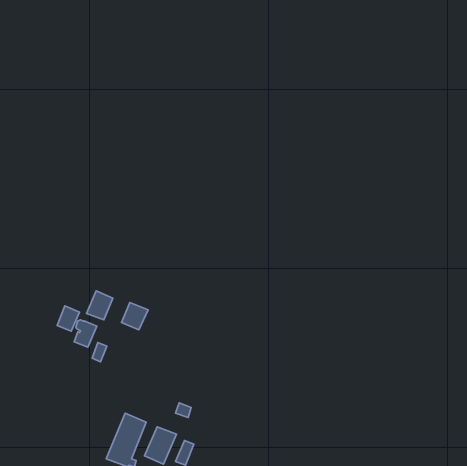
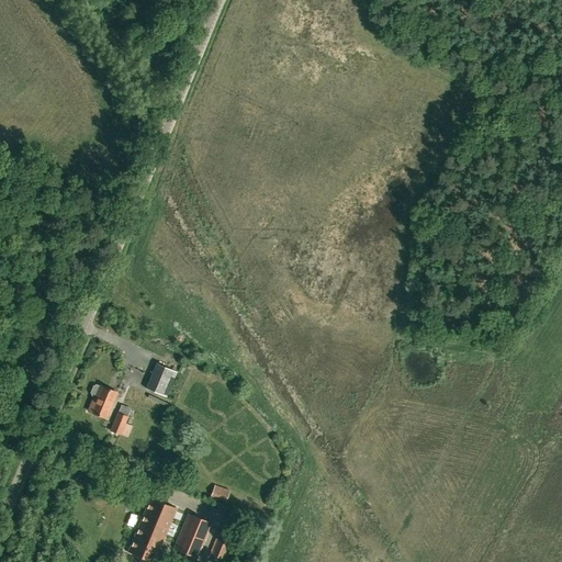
building: [86,291,113,320] -> none
building: [57,306,79,331] -> none

